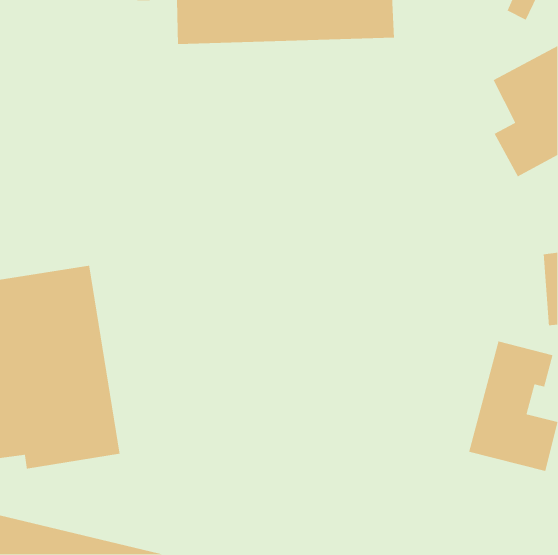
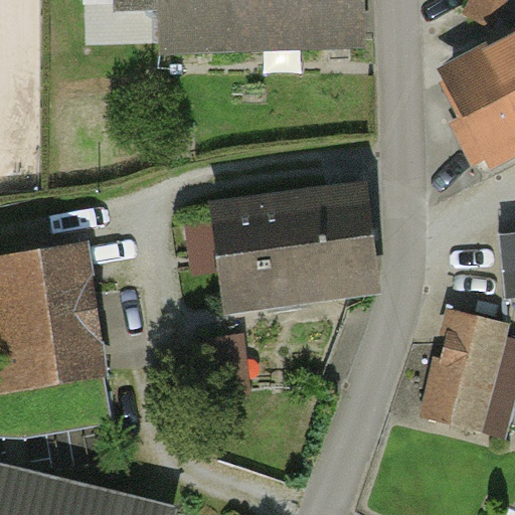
building: none -> [215,188,375,302]

